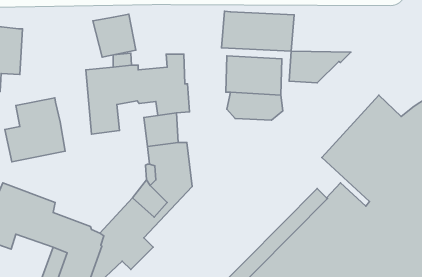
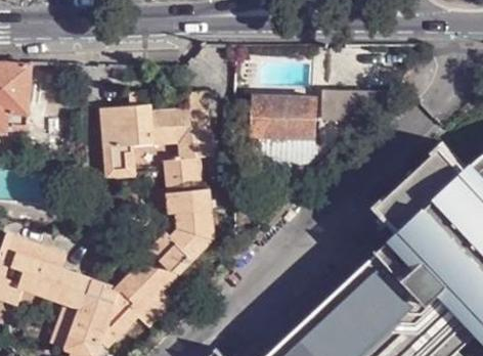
building: [222,11,294,51] -> none
building: [93,14,136,57] -> none
building: [5,98,65,162] -> none

